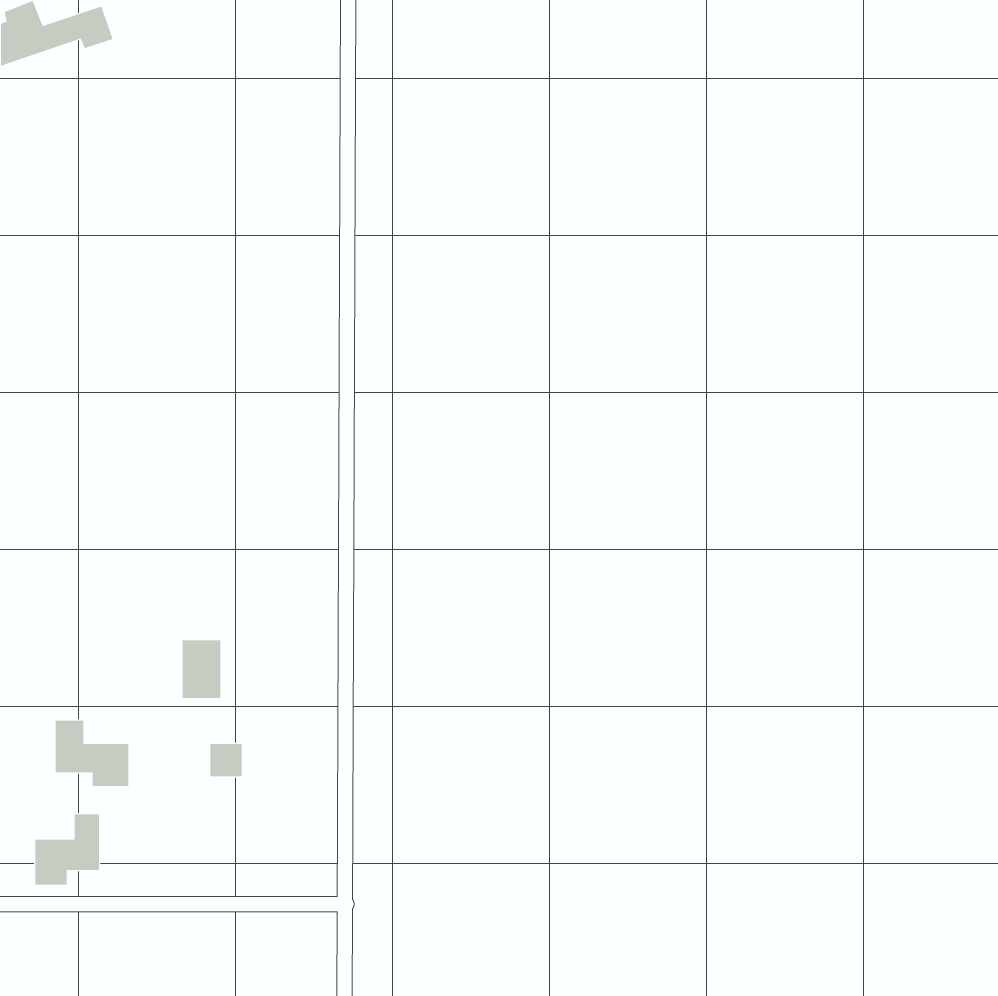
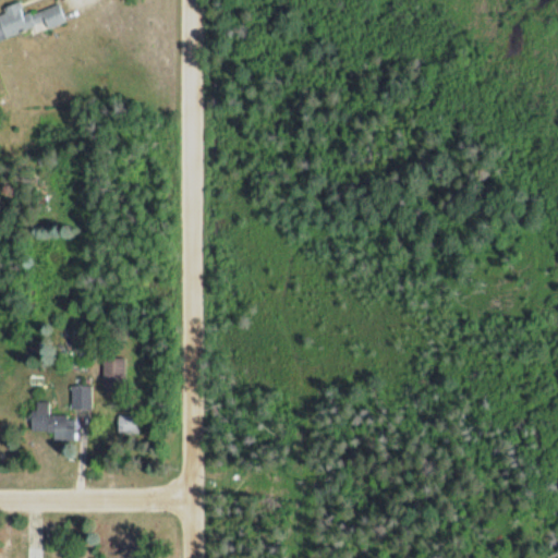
building: none -> [70,387,92,410]
building: [35,813,100,886] -> none

